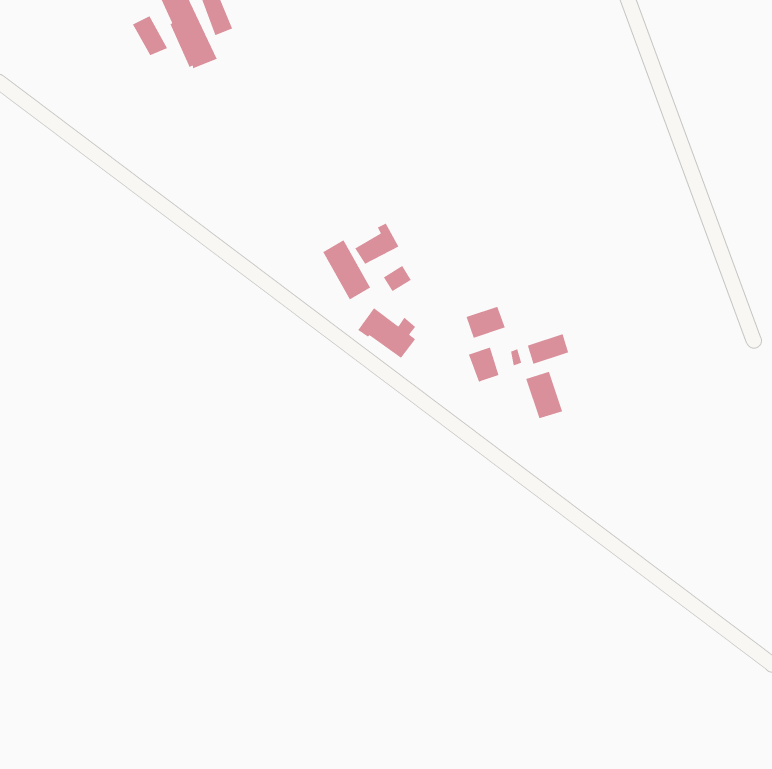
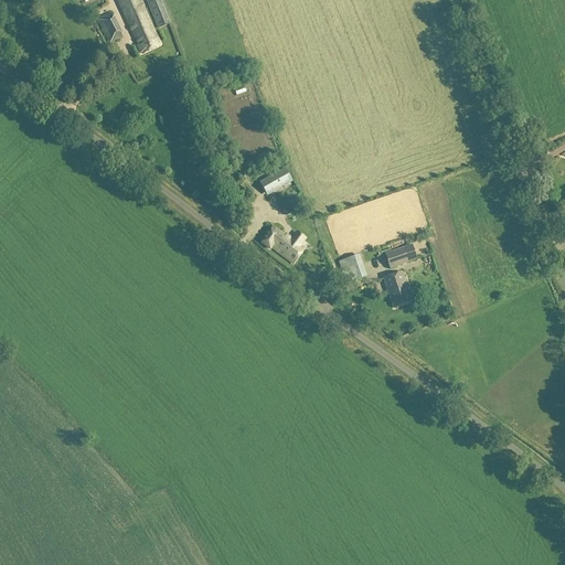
building: [322,239,371,301] -> none
building: [465,306,506,339] -> none

